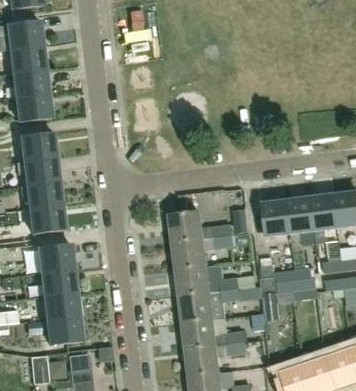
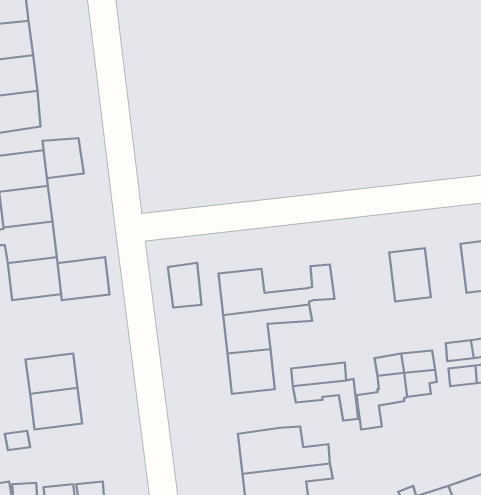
building: none -> [42,138,84,178]
building: [309,194,337,230] -> none
building: [261,200,289,236] -> none
building: none -> [168,263,202,307]
building: [37,243,72,272] -> [58,257,109,300]
building: [179,292,211,322] -> none
building: [46,315,81,344] -> none

